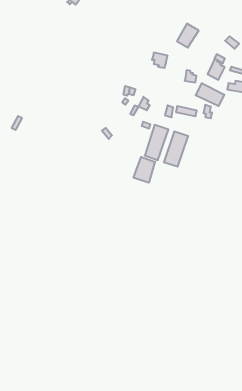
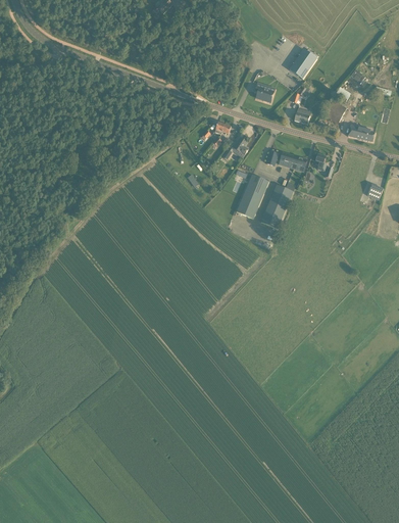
building: [196,83,224,106] -> none
building: [134,157,155,183] -> none

